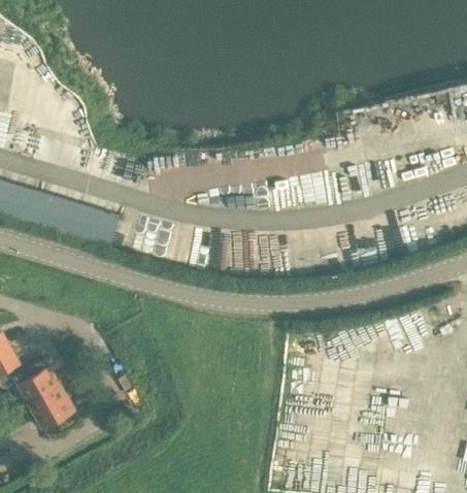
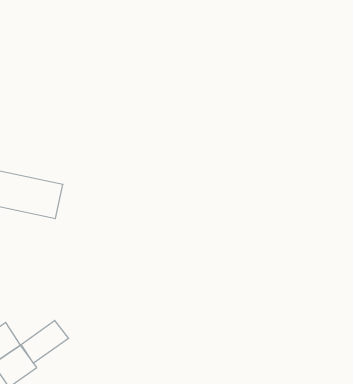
building: none -> [21,320,69,363]

